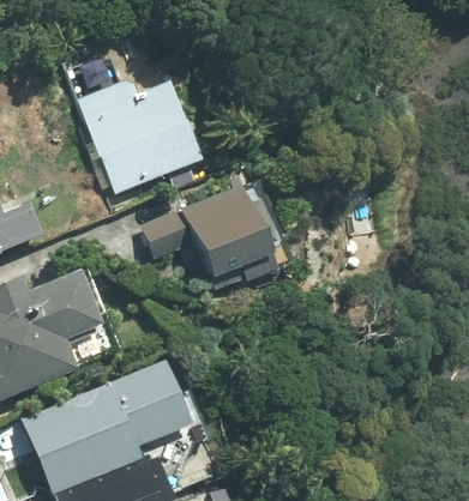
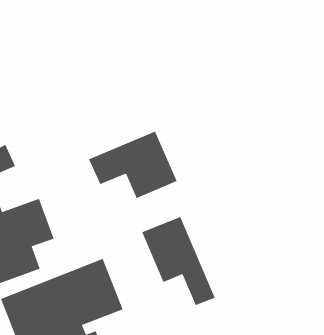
building: [78,76,202,195] -> none
building: none -> [142,216,216,306]

